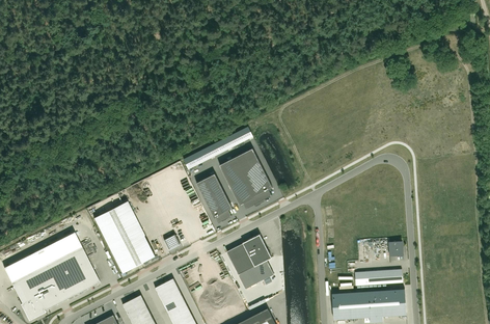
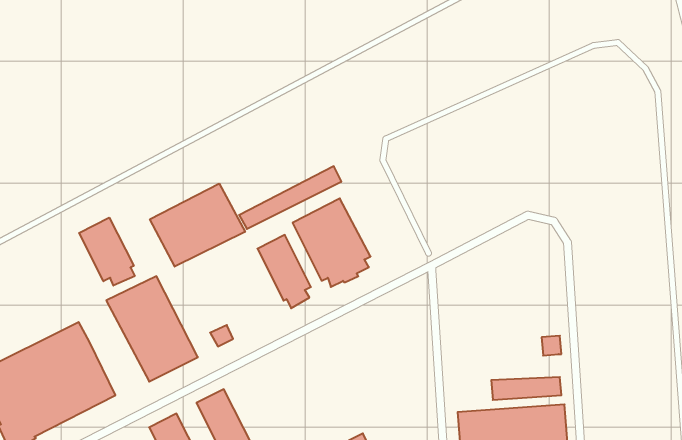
building: none -> [150,184,245,267]
building: none -> [79,218,135,286]
building: [226,235,273,289] -> none

